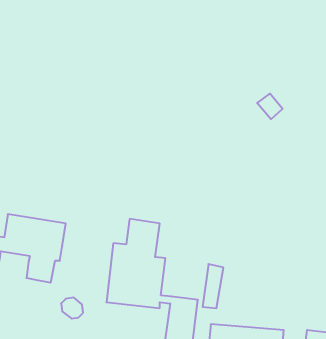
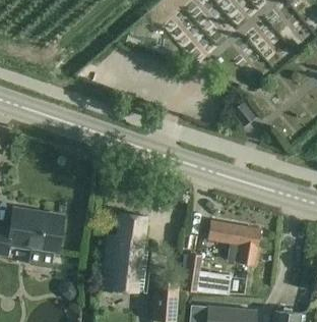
building: none -> [207,221,261,265]
building: none -> [200,271,236,293]

